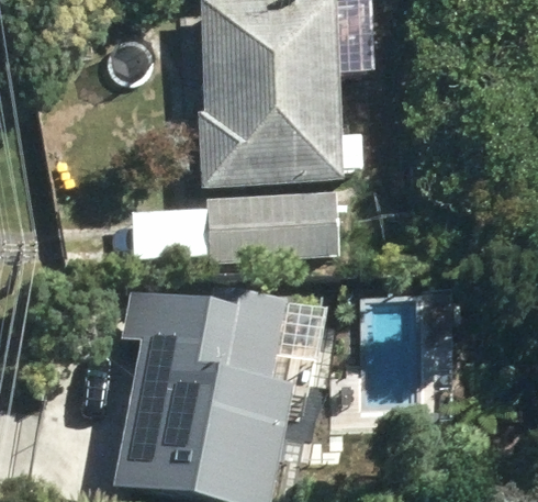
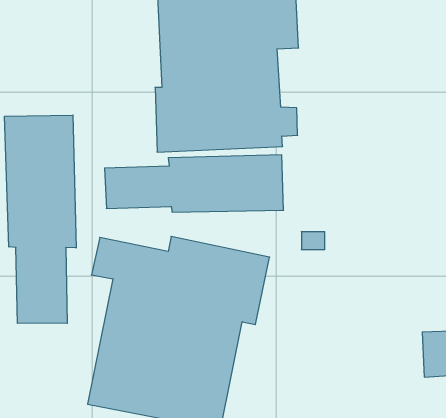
building: none -> [5,115,76,323]

